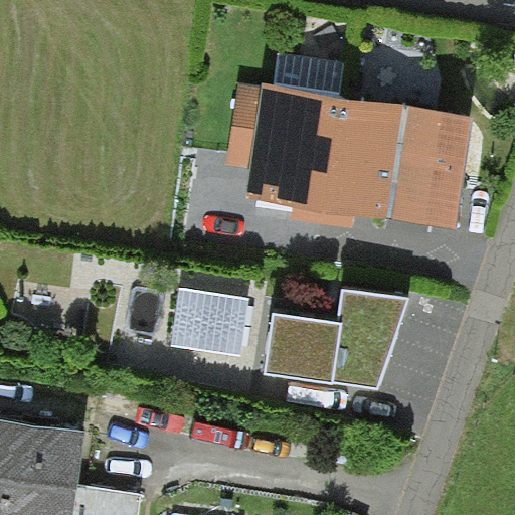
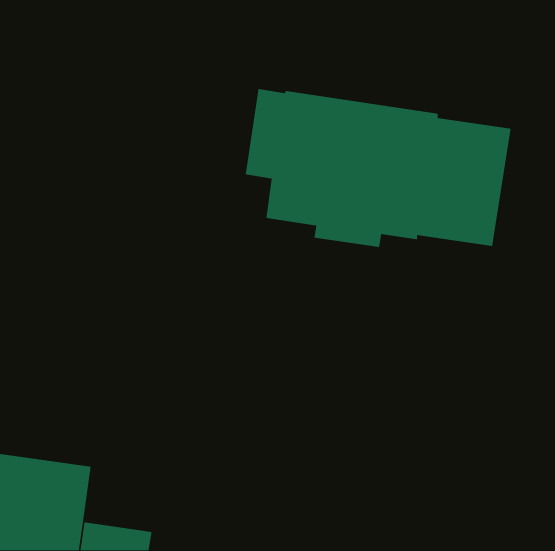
building: [171,286,248,353] -> none
building: [266,289,409,390] -> none

